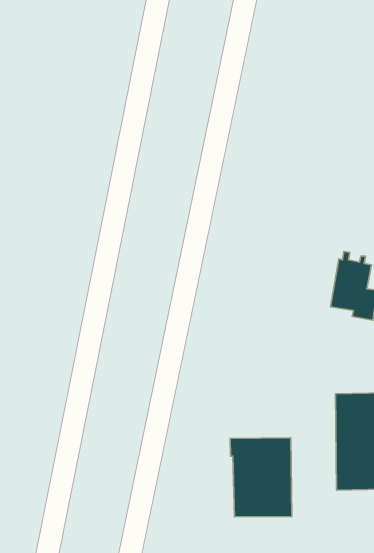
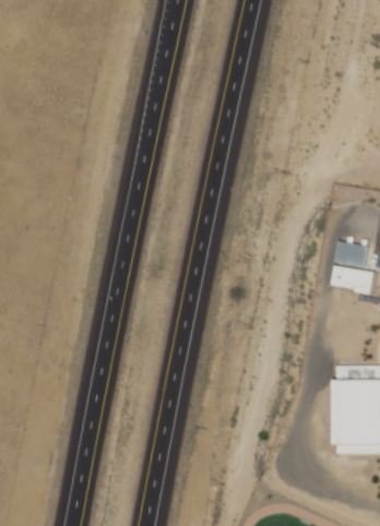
building: [230,438,292,517] -> none

